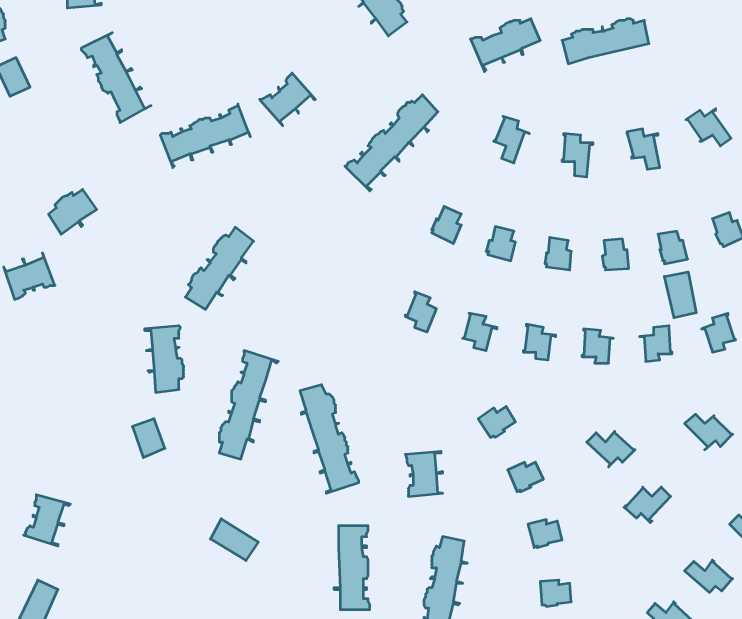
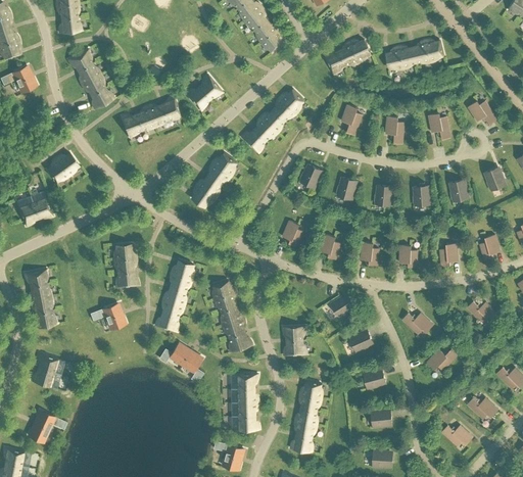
building: [185,227,254,309] -> [192,154,237,208]
building: [664,272,696,318] -> none
building: none -> [23,270,57,329]
building: [210,519,258,561] -> [171,344,202,372]

